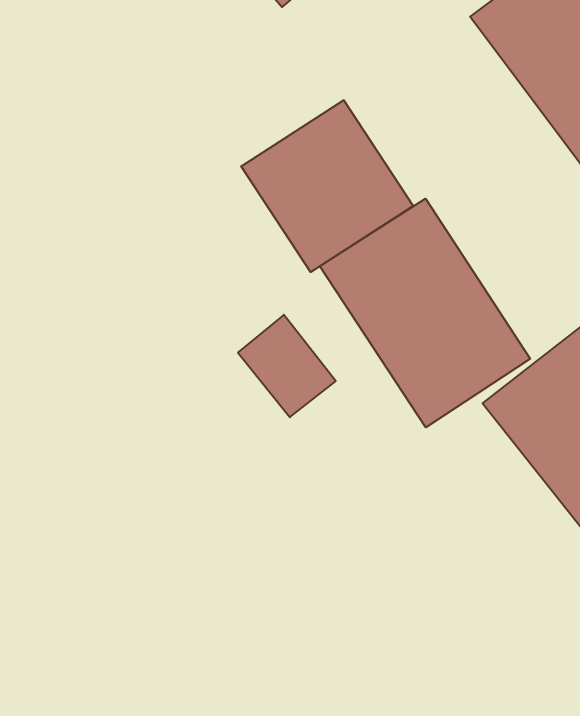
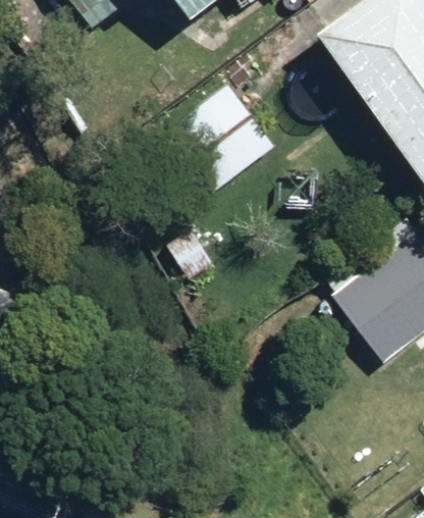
building: [320,199,530,427] -> none

